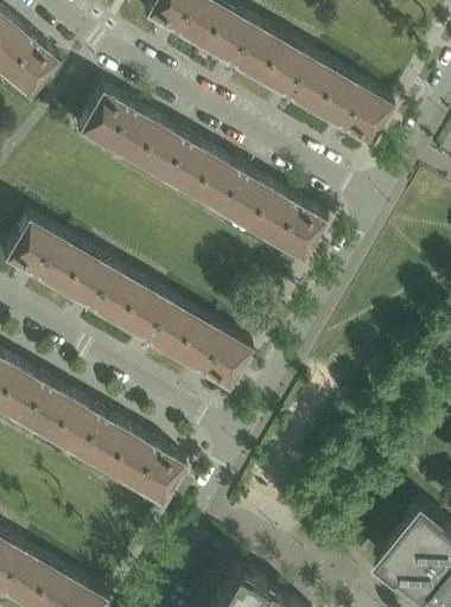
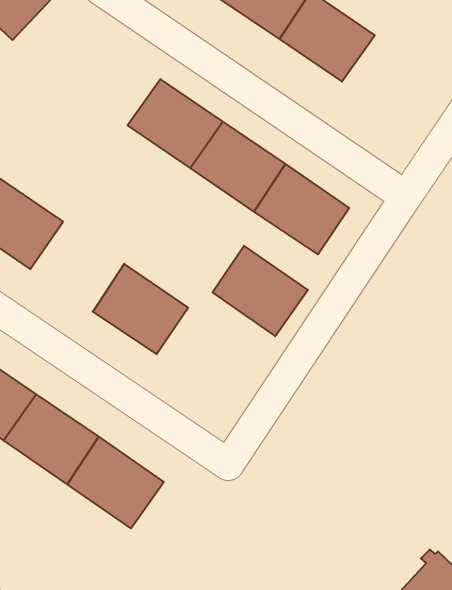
building: [311,71,393,146] -> none
building: [77,90,157,164] -> none
building: [58,249,138,324] -> none
building: [171,314,252,389] -> [213,246,308,336]

